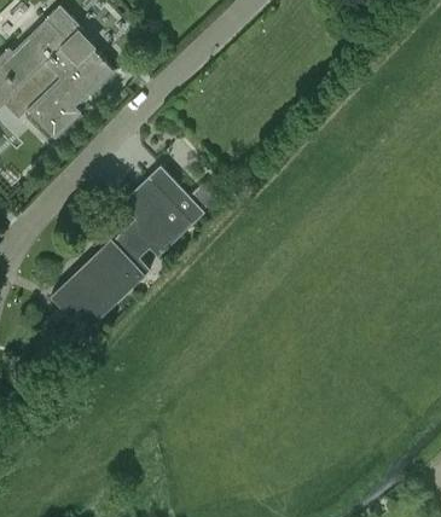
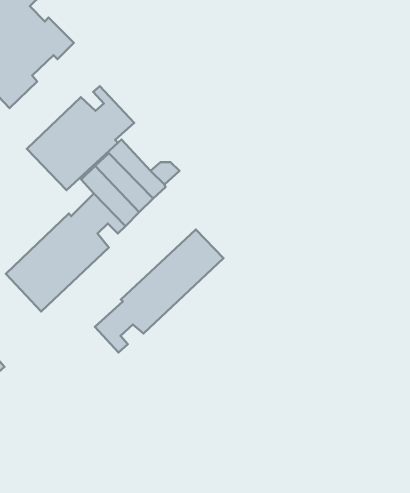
building: none -> [27,86,134,190]
building: none -> [95,229,223,352]

